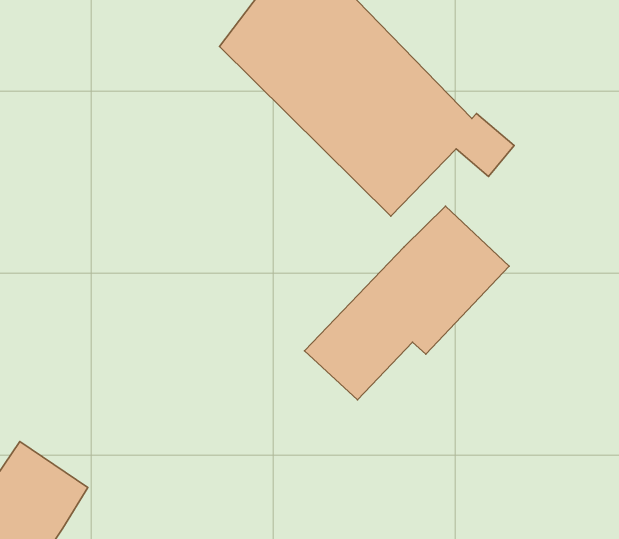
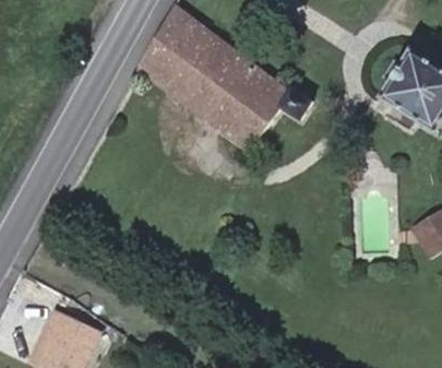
building: [304,206,509,400] -> none

